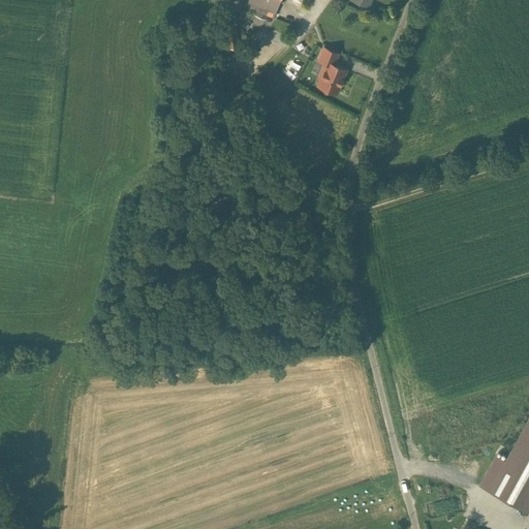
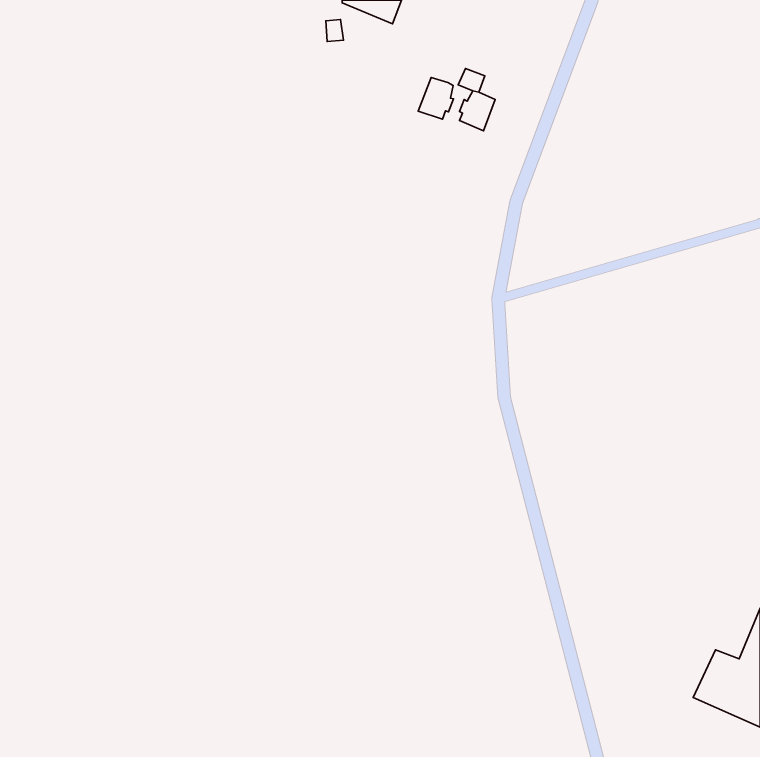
building: none -> [418,77,454,119]

